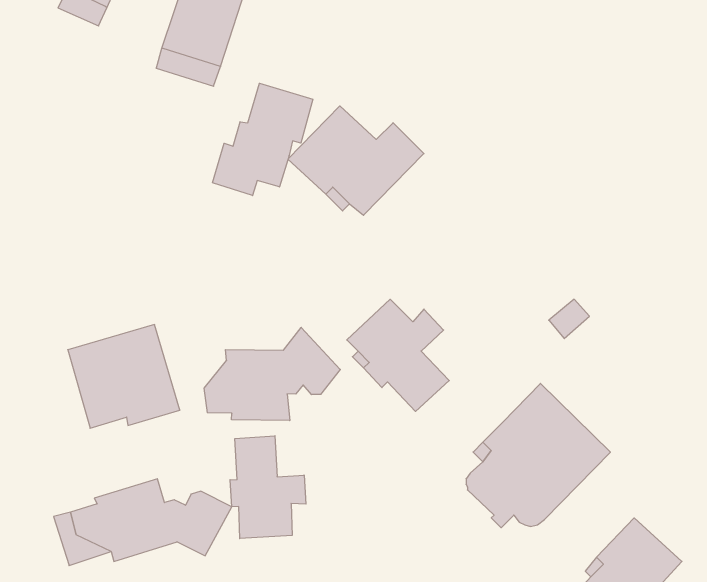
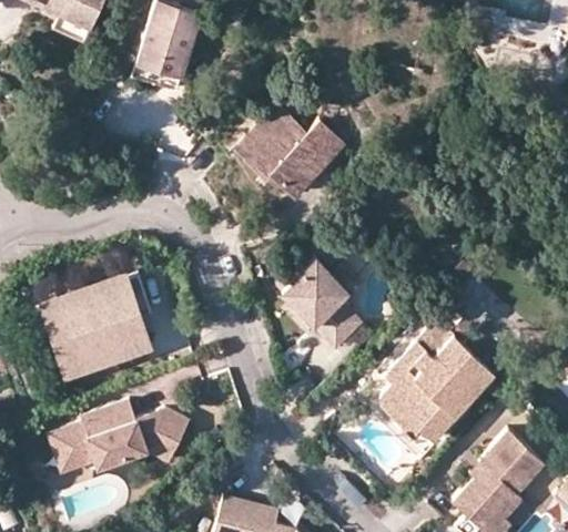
building: [213,83,313,196] -> none
building: [204,327,340,421] -> none
building: none -> [42,298,109,371]
building: [230,436,306,539] -> none

